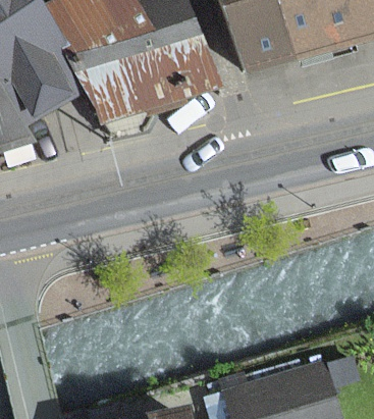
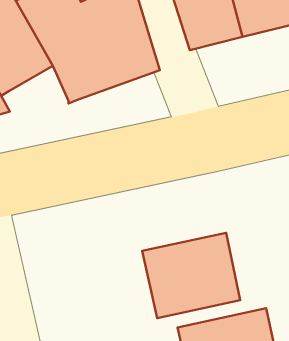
building: none -> [142,233,240,318]

